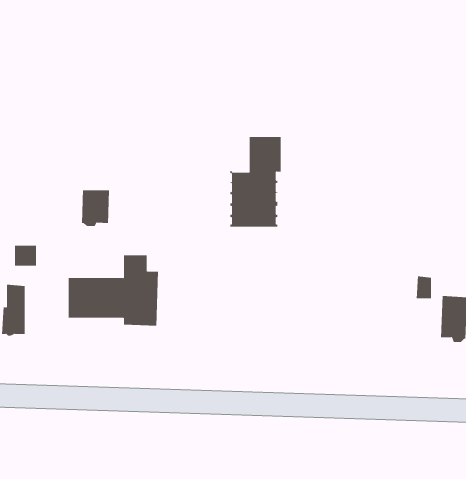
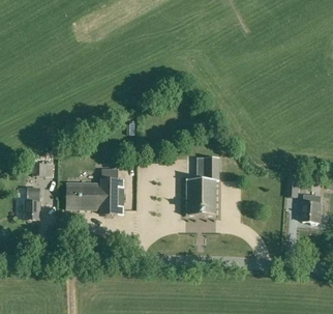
building: [229,136,281,227] -> [185,158,218,216]
building: [82,190,110,227] -> none

